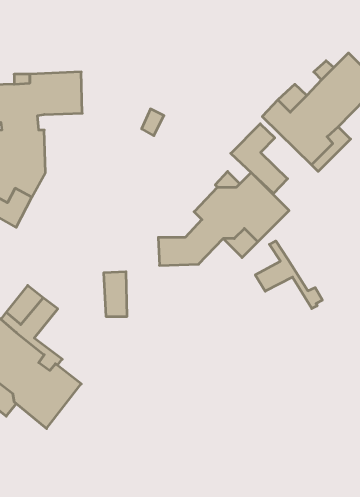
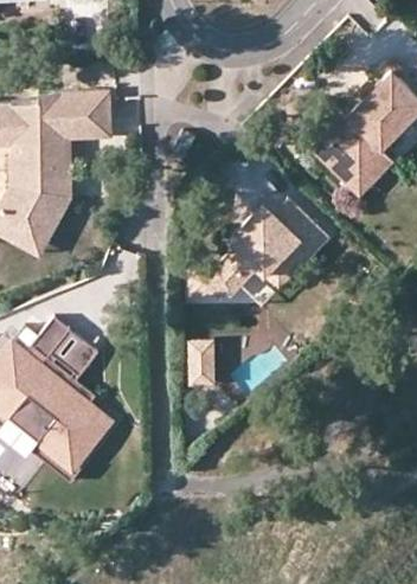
building: [231,124,288,193] -> none
building: [255,241,322,309] -> none
building: [104,272,127,316] -> [188,341,213,389]

